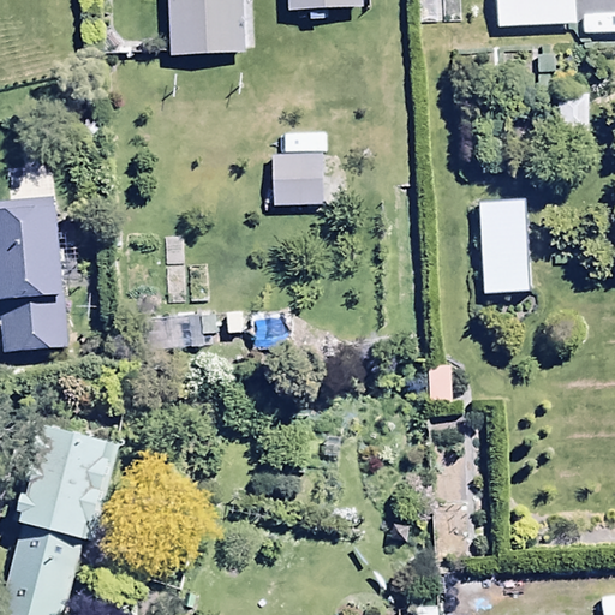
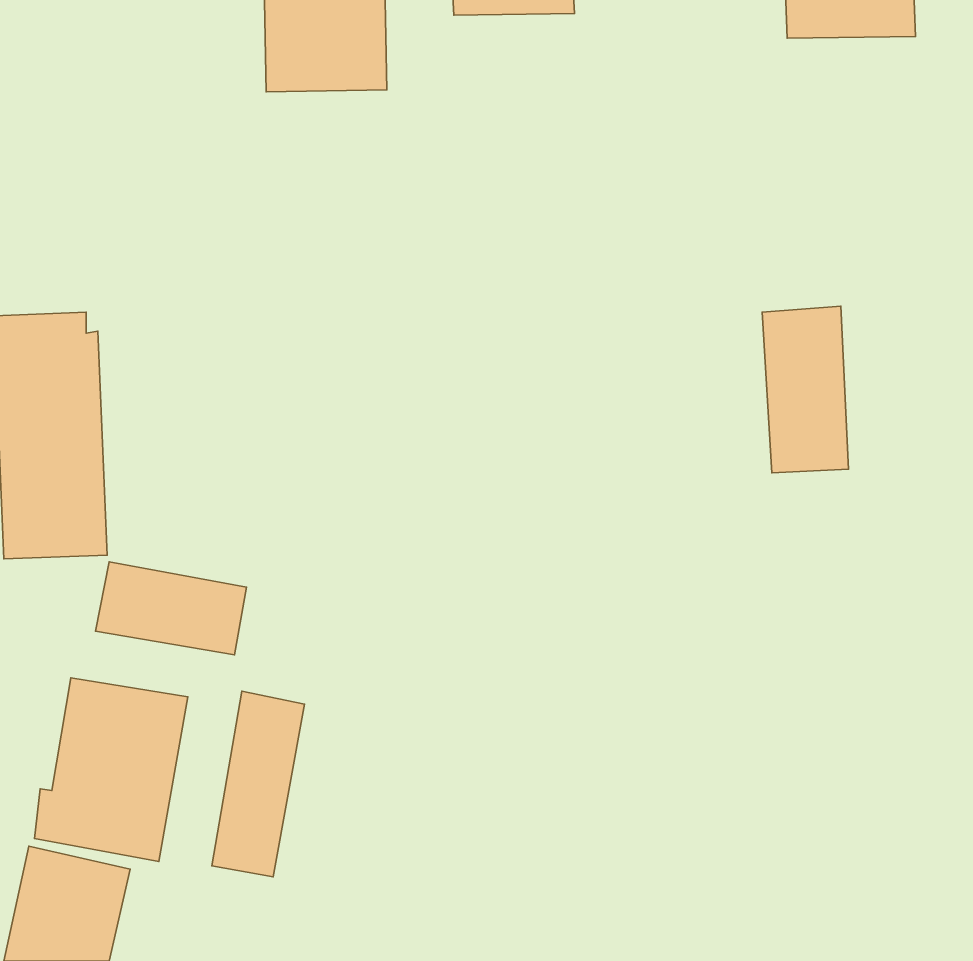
building: [271,150,320,204] -> none
building: none -> [96,562,246,655]
building: none -> [212,691,305,877]

